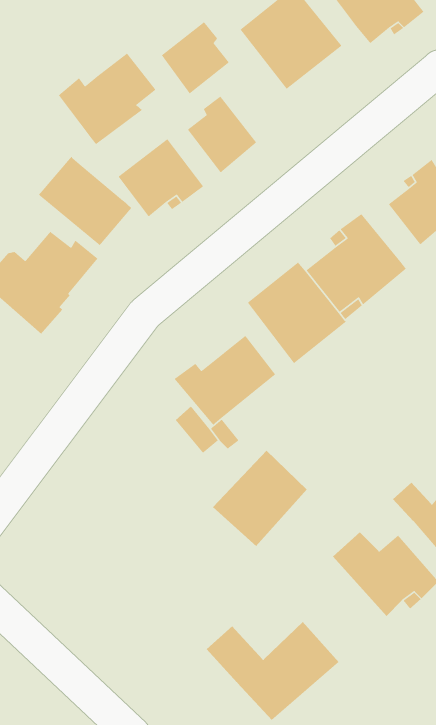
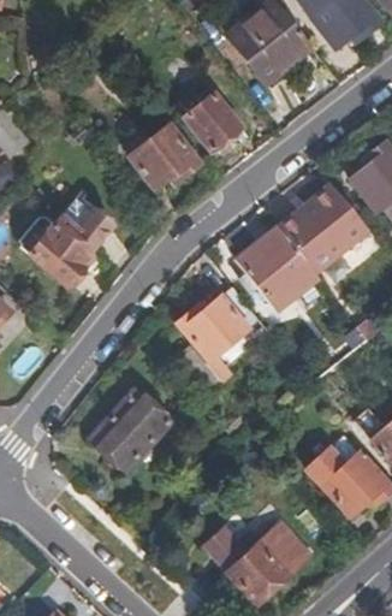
building: [161,21,230,94] -> none
building: [58,52,157,145] -> none
building: [38,156,132,246] -> none
building: [212,450,308,547] -> [90,389,168,468]

